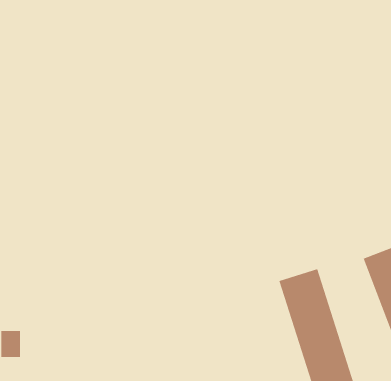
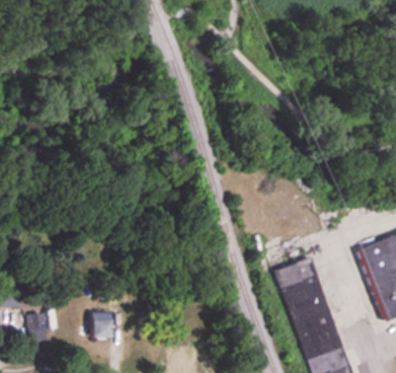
building: none -> [91,311,111,338]

